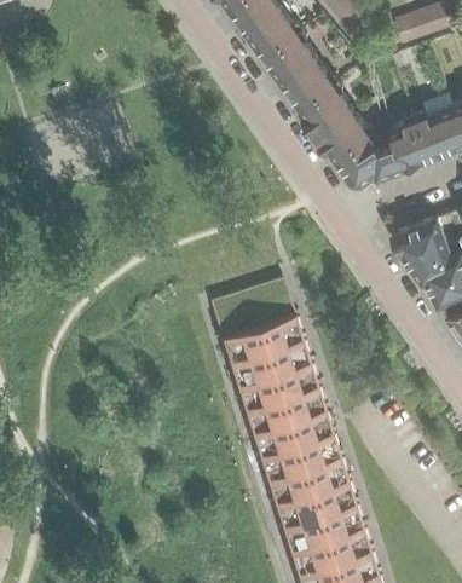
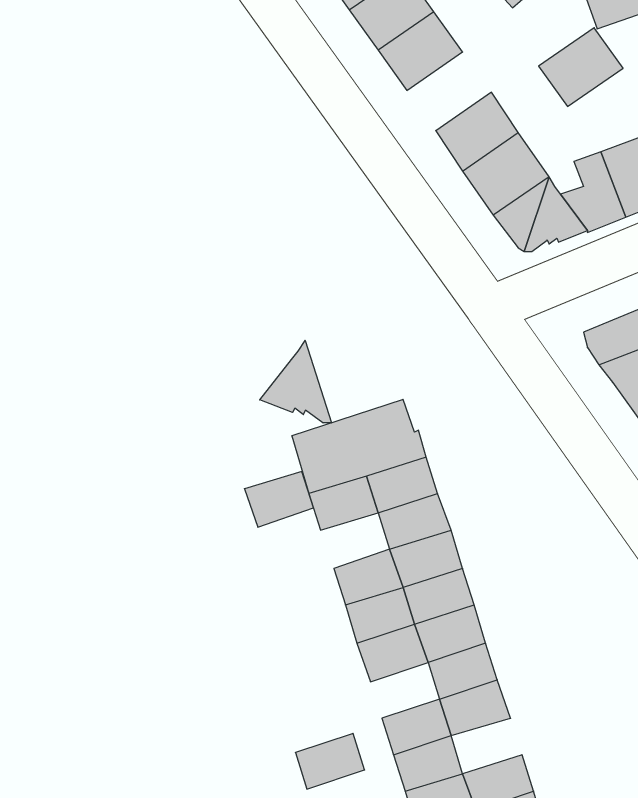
building: [282,59,335,109] -> [539,28,623,106]
building: none -> [260,340,332,423]
building: [227,350,271,385] -> [244,471,314,527]
building: [259,444,302,479] -> [295,733,365,789]
building: [310,479,354,514] -> none

